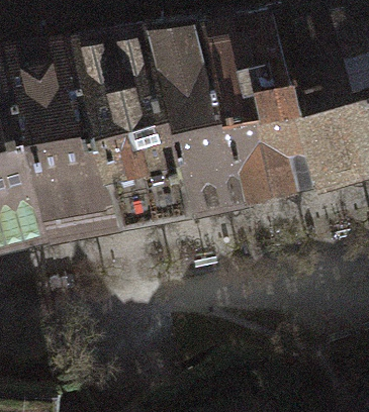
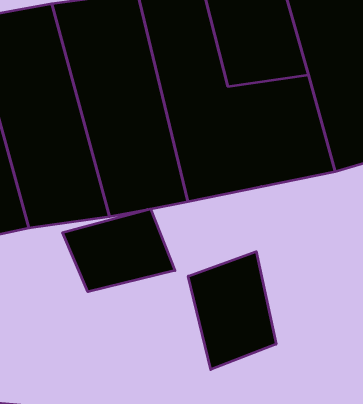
building: none -> [63,209,175,292]
building: none -> [188,252,276,370]

